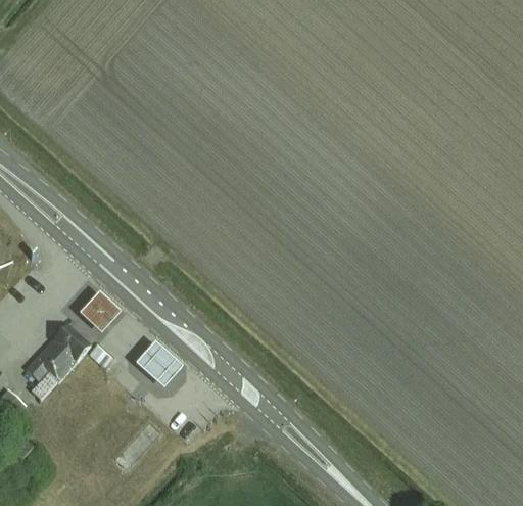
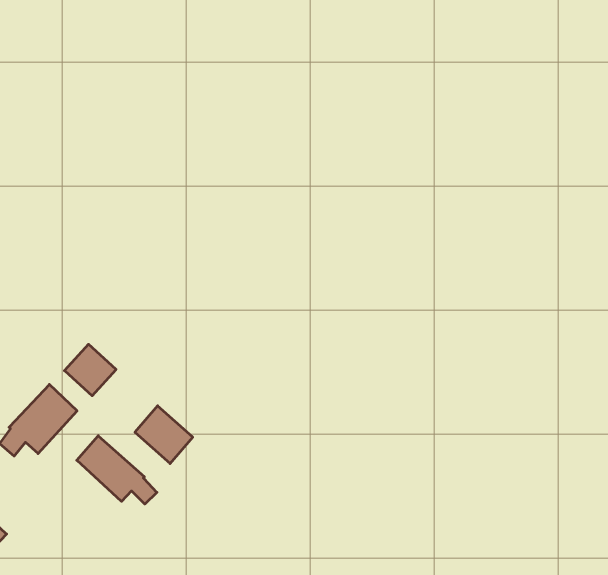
building: none -> [77,436,157,504]

